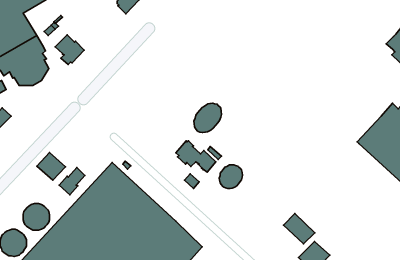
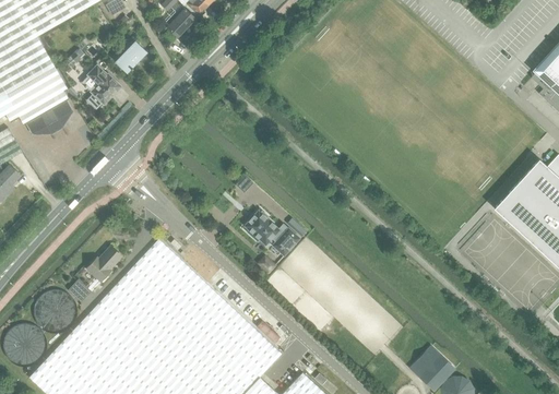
building: none -> [116,41,147,73]
building: [194,103,222,133] -> none
building: [37,152,65,180] -> none
building: [219,165,243,188] -> none
building: [283,214,315,244] -> none

